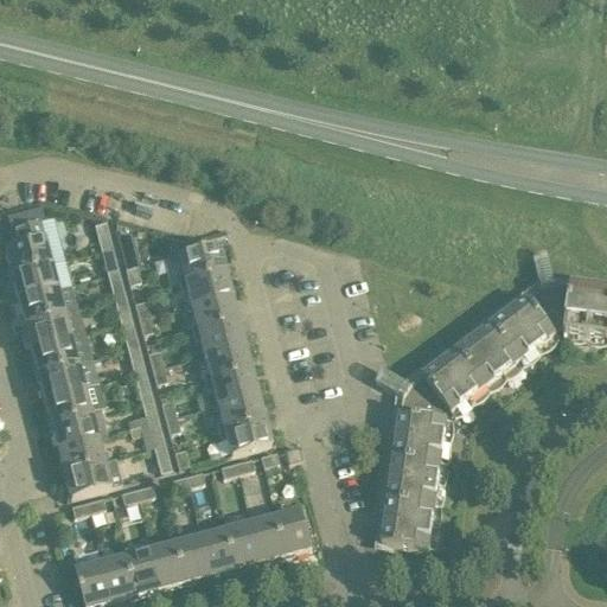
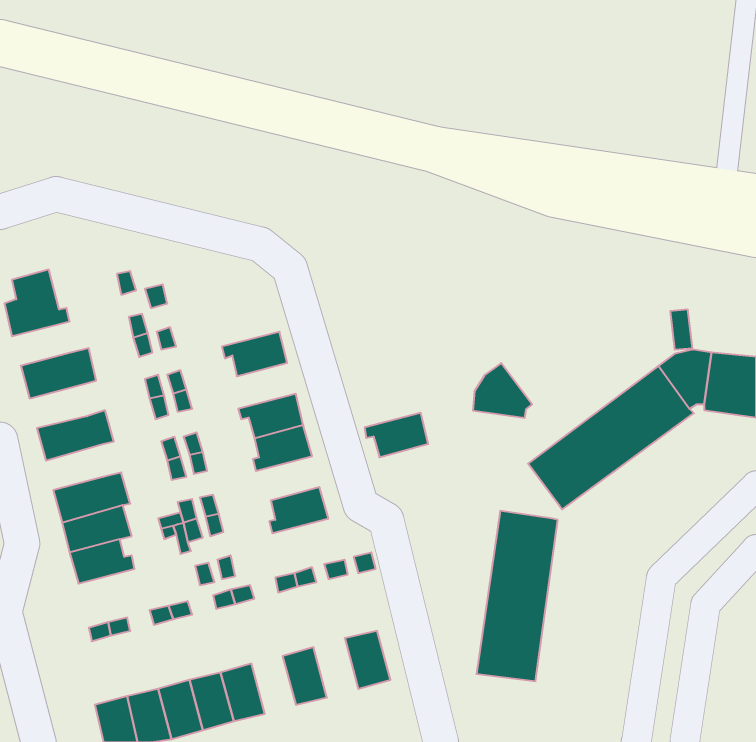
building: [173,234,224,277] -> none
building: [9,257,58,293] -> none
building: [189,290,237,327] -> none
building: [21,305,84,343] -> none
building: [37,353,97,392] -> none
building: [205,365,256,401] -> [365,413,428,457]
building: [401,371,448,415] -> [473,363,532,418]
building: [218,415,270,451] -> none
building: [63,453,121,493] -> none
building: [251,511,287,558] -> none
building: [202,525,237,571] -> none

